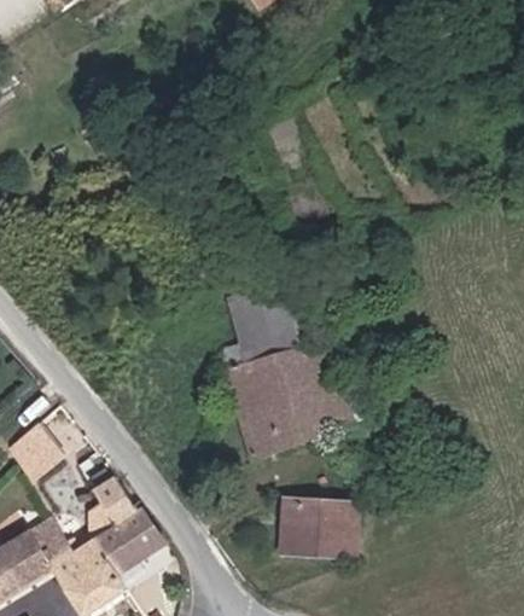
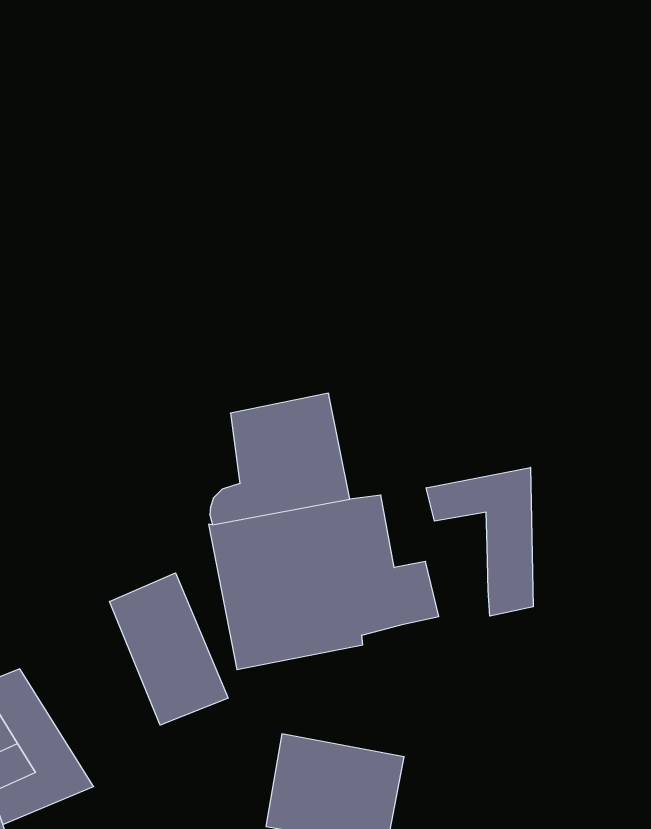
building: none -> [426,467,533,616]
building: none -> [110,573,228,725]

